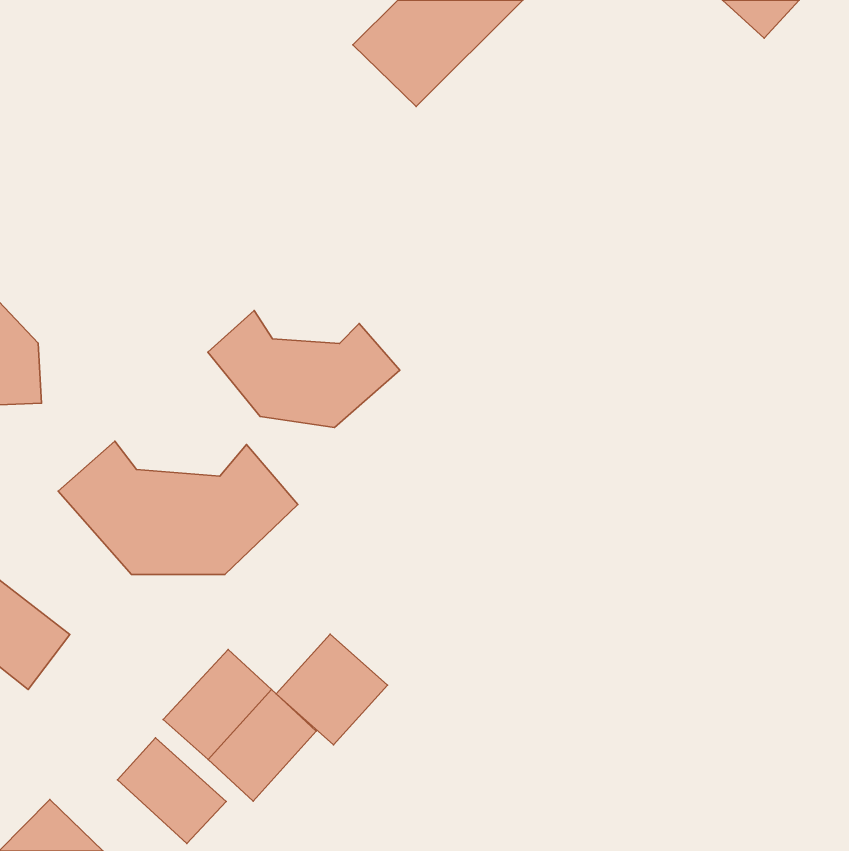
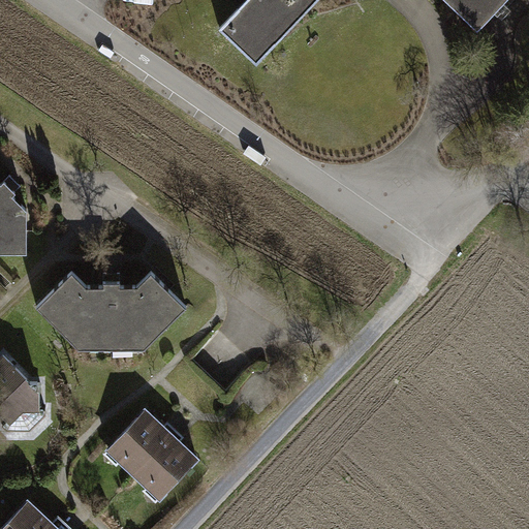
building: [208,311,400,428] -> none
building: [276,634,387,745] -> none
building: [118,738,226,844] -> none

